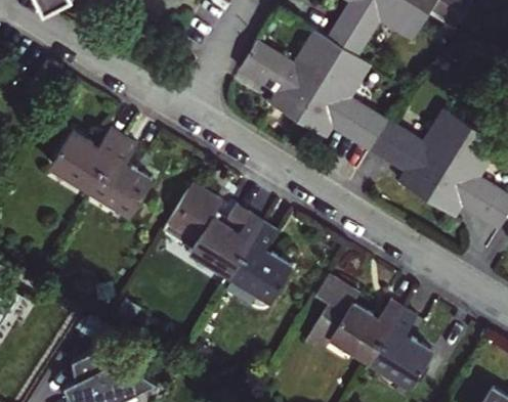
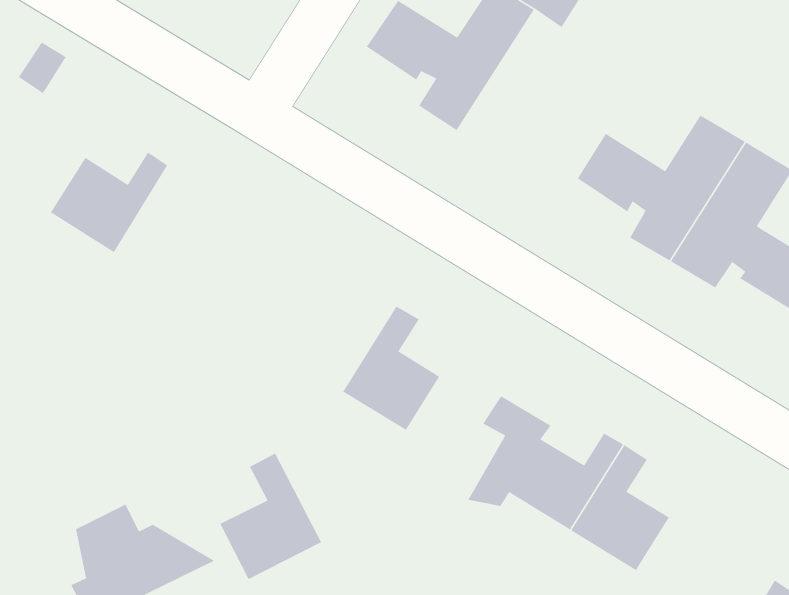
building: [296,45,386,147] -> none
building: [88,139,150,217] -> none
building: [159,186,259,276] -> none
building: none -> [219,452,322,580]

